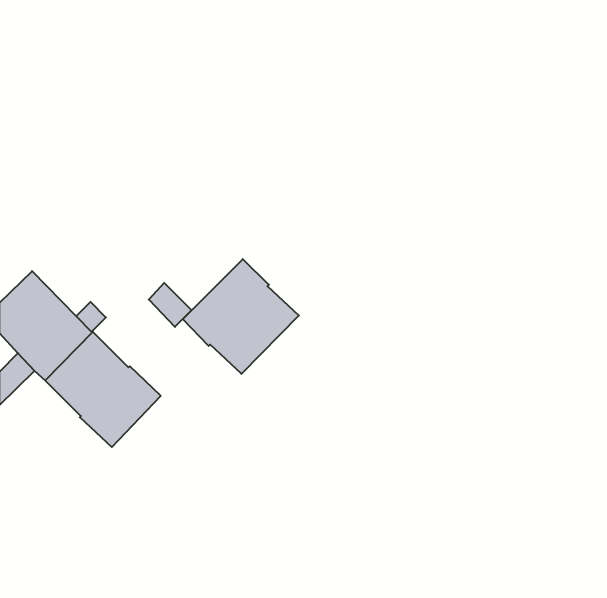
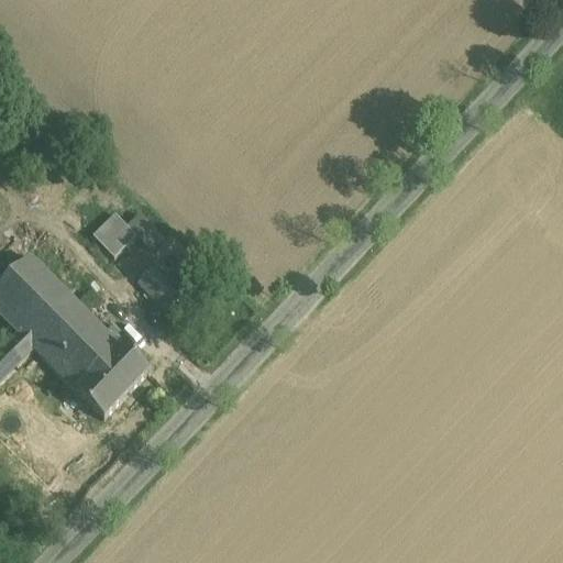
building: none -> [91,209,135,253]
building: [183,259,299,374] -> none

